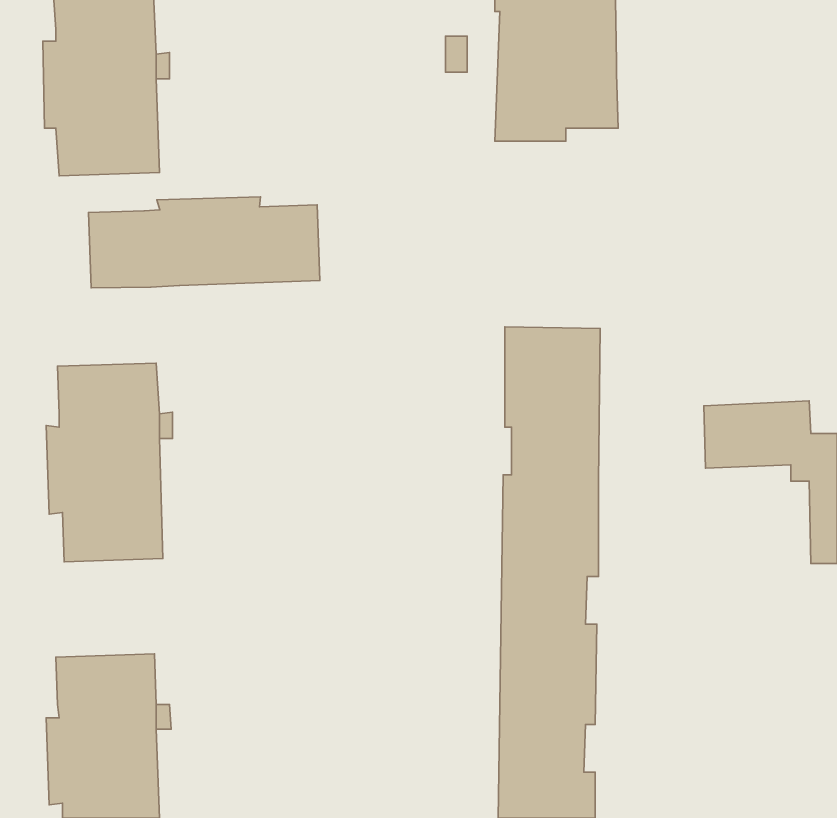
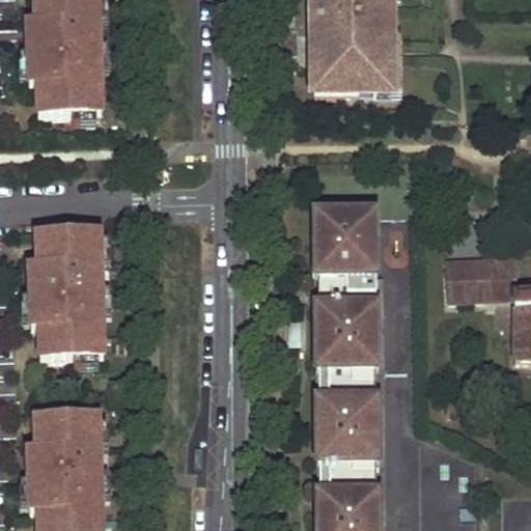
building: [89,197,320,288] -> none

